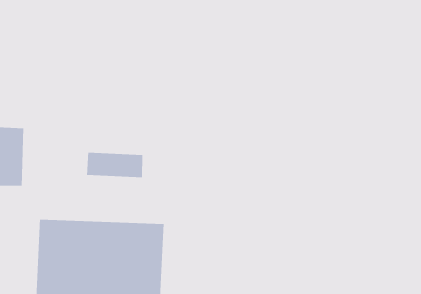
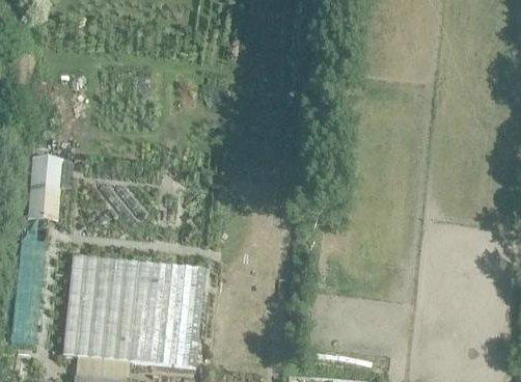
building: [86,152,143,178] -> none

